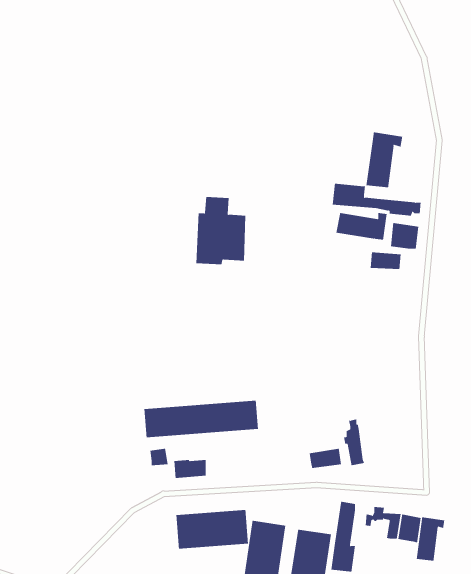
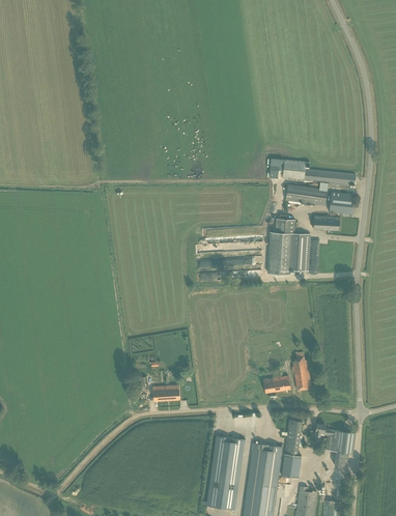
building: [366,132,403,188] -> none
building: [195,197,246,265] -> [266,219,308,275]
building: [144,400,258,438] -> none
building: [176,509,248,549] -> none
building: [416,516,445,561] -> none

